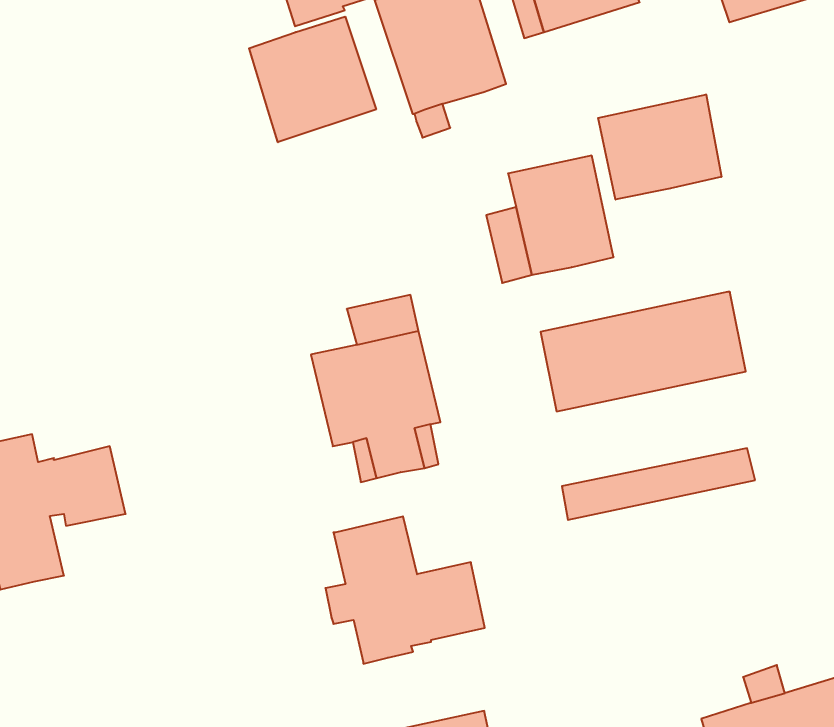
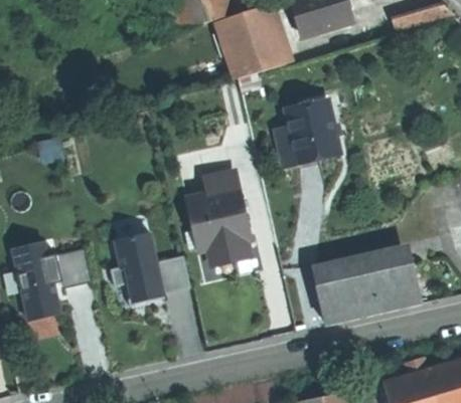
building: [249,17,376,142] -> none
building: [598,94,721,200] -> none
building: [541,292,746,411] -> [316,264,420,325]
building: [325,516,485,664] -> [111,232,191,307]

